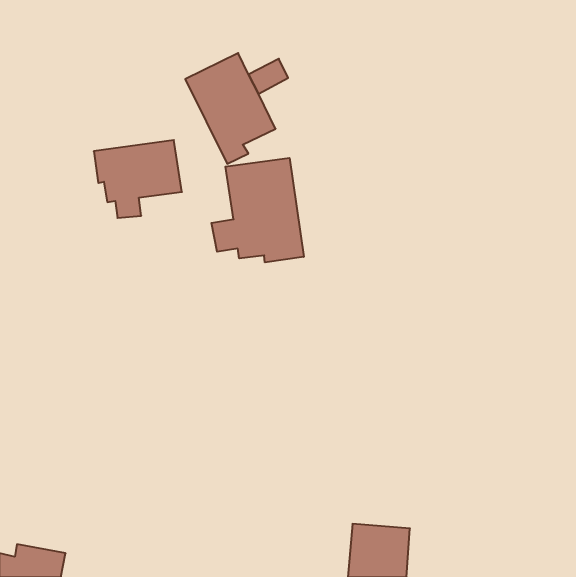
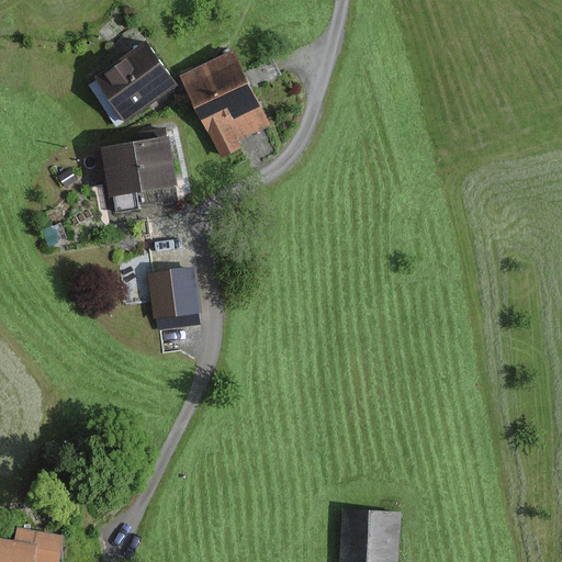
building: none -> [92,43,176,123]
building: [211,158,304,262] -> none
building: none -> [148,268,201,331]

